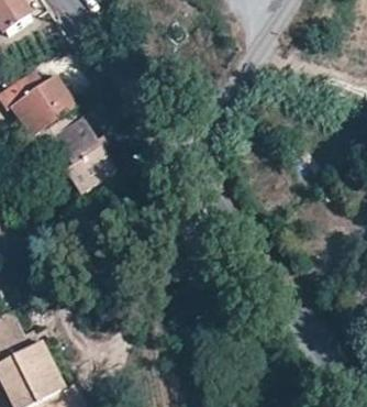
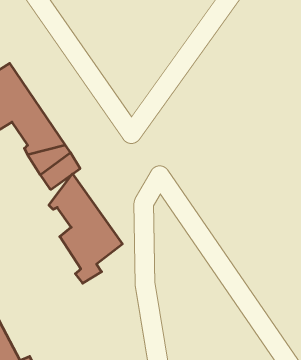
building: none -> [49,174,122,283]

